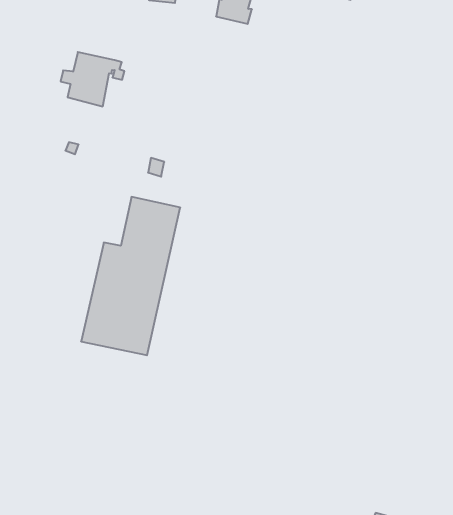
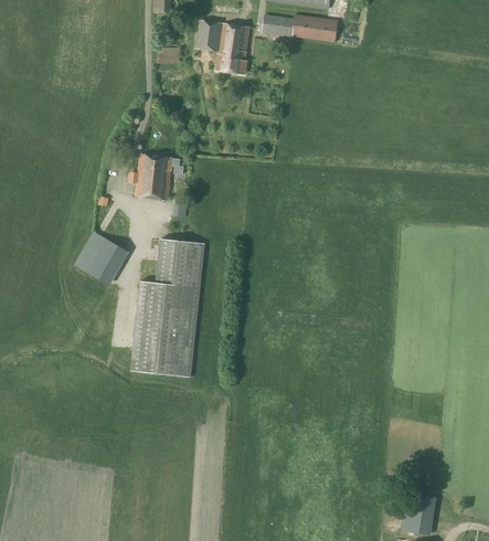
building: [61,52,124,106] -> [128,155,183,200]
building: none -> [74,231,129,285]

